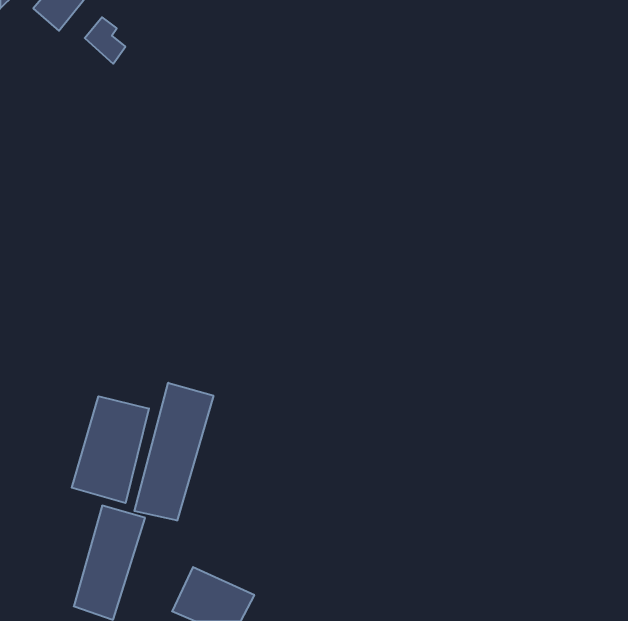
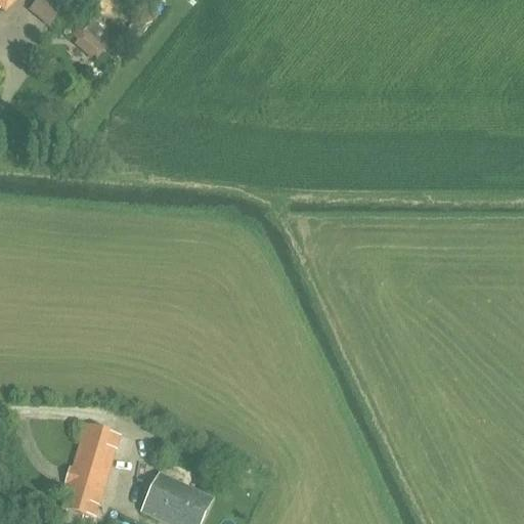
building: [134,383,213,521] -> none
building: [72,396,149,503] -> none

